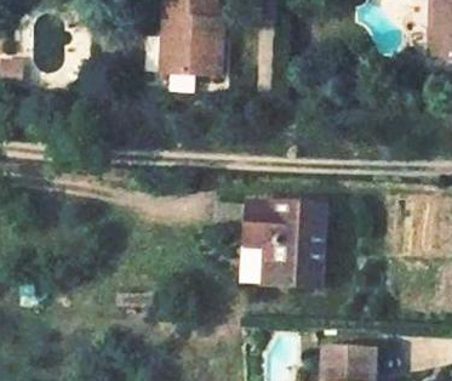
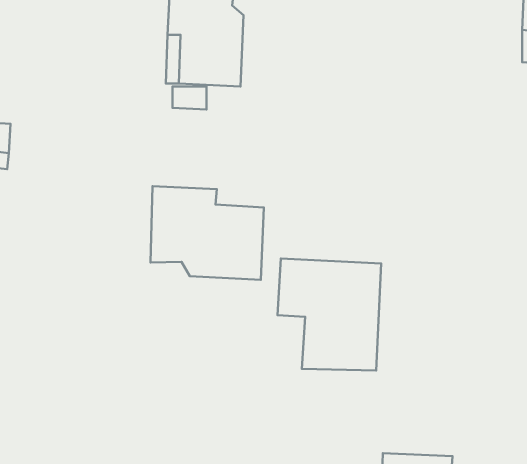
building: none -> [151,186,264,280]

